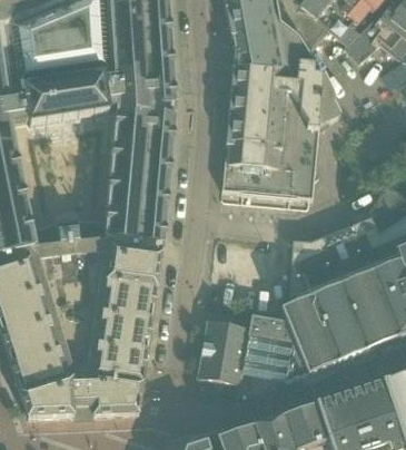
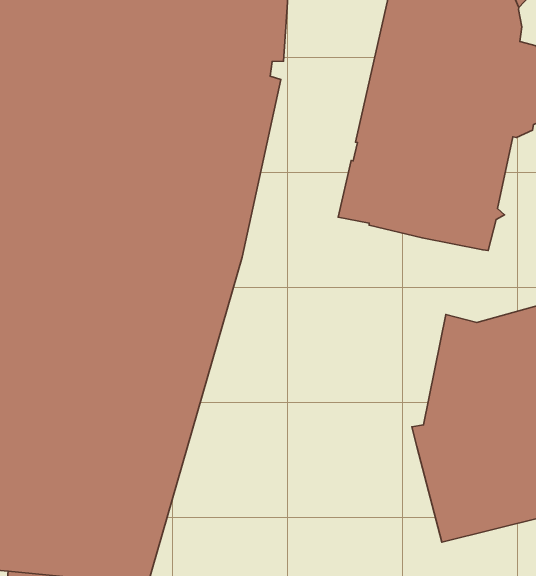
building: [198,313,308,383] -> none

